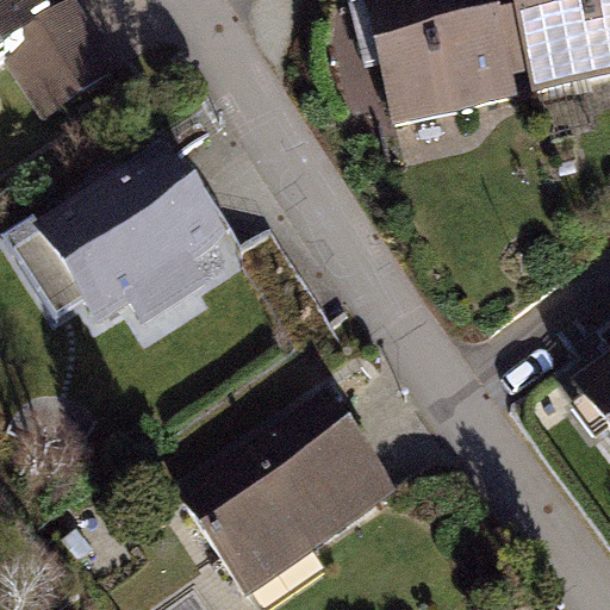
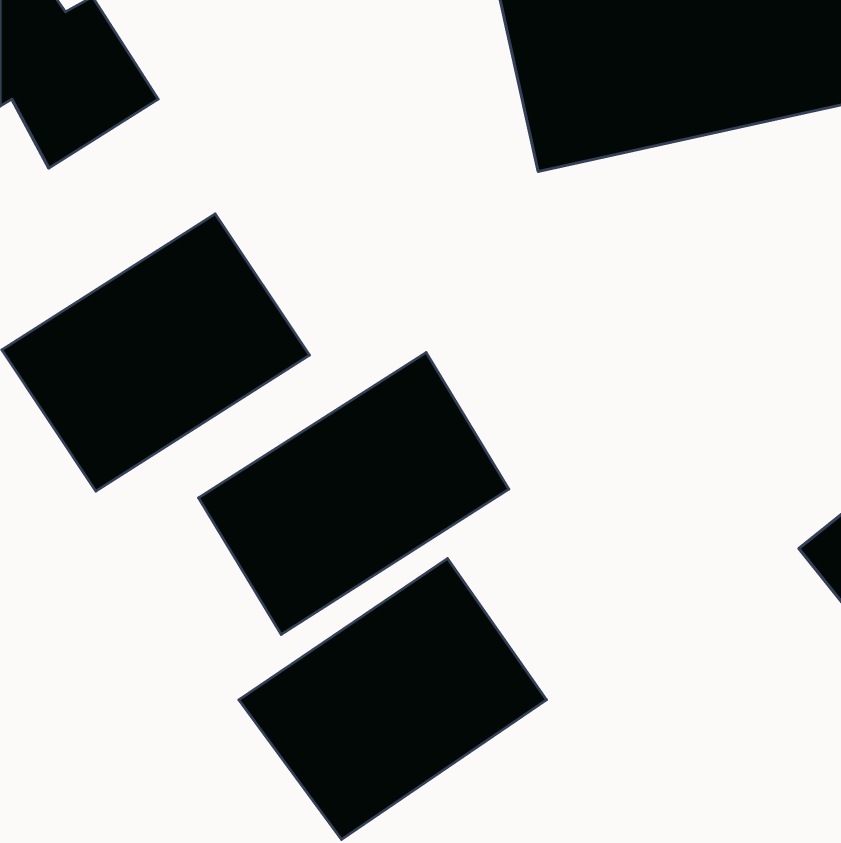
building: none -> [199,353,509,634]

